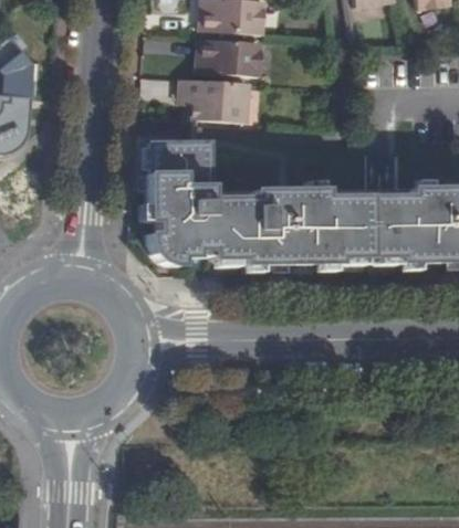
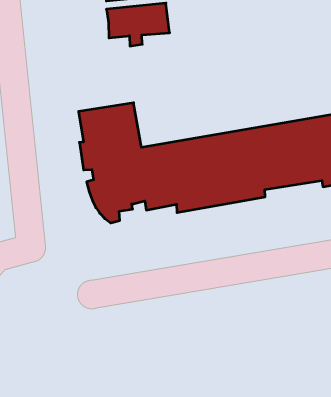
building: [179,80,249,120] -> none

